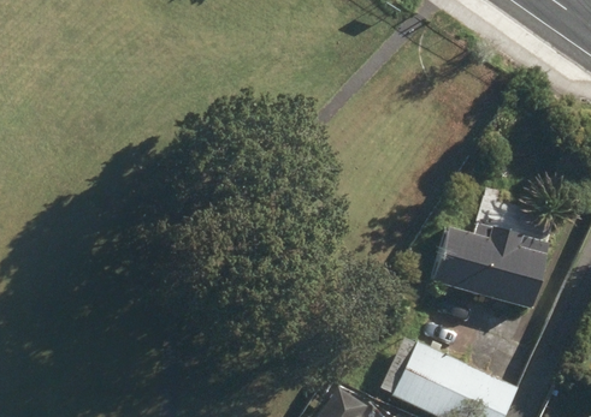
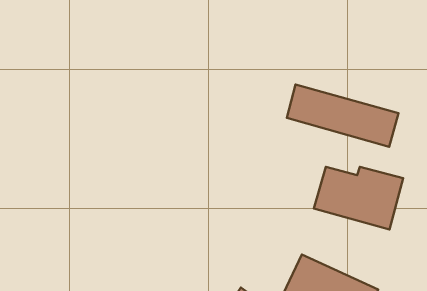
building: none -> [287,84,398,147]

